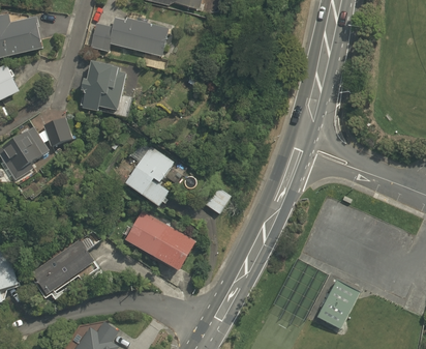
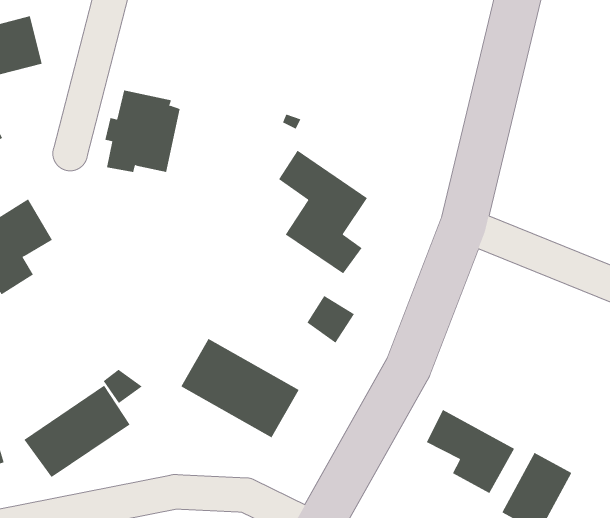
building: [90,16,169,57] -> none
building: [43,118,73,147] -> none
building: [120,133,174,207] -> [278,150,368,274]
building: none -> [426,409,515,494]

